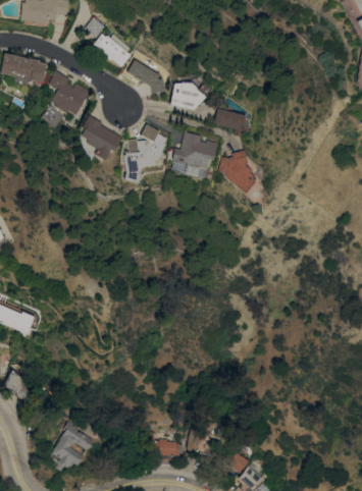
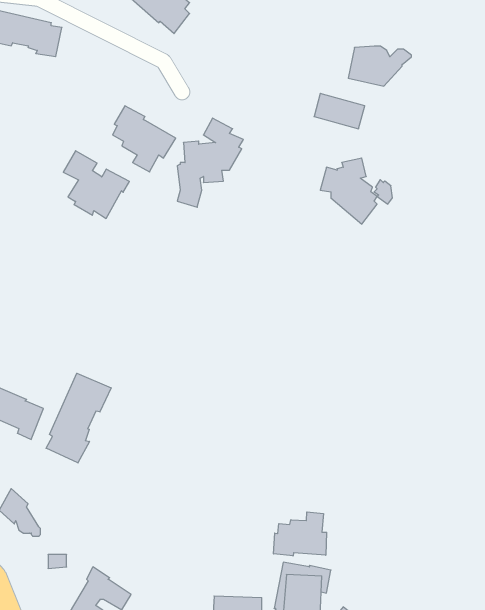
building: [125,54,166,95] -> none
building: [47,70,91,115] -> [63,151,129,218]
building: [169,84,211,110] -> [348,46,411,86]
building: [170,132,217,178] -> none
building: none -> [46,373,111,463]
building: none -> [274,512,327,556]

